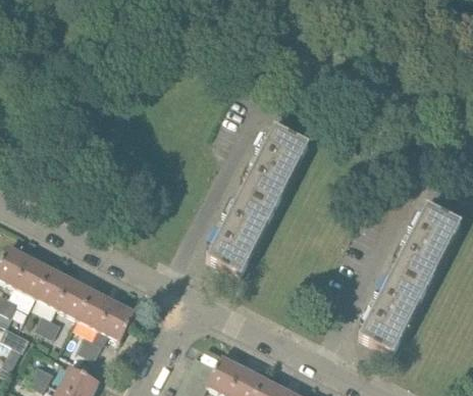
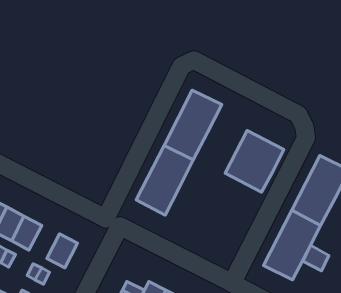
building: none -> [225,131,284,192]
building: [76,289,113,329] -> none
building: none -> [303,245,329,271]

